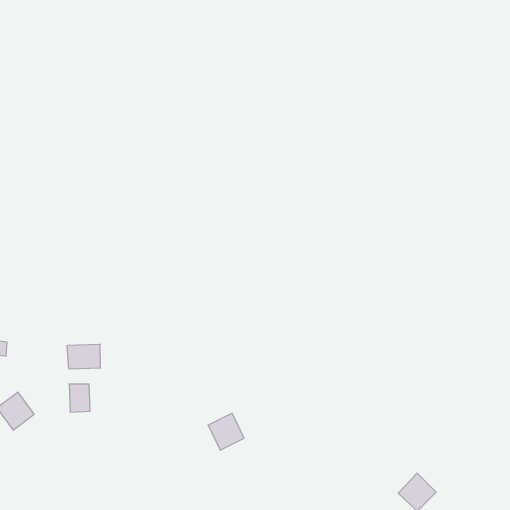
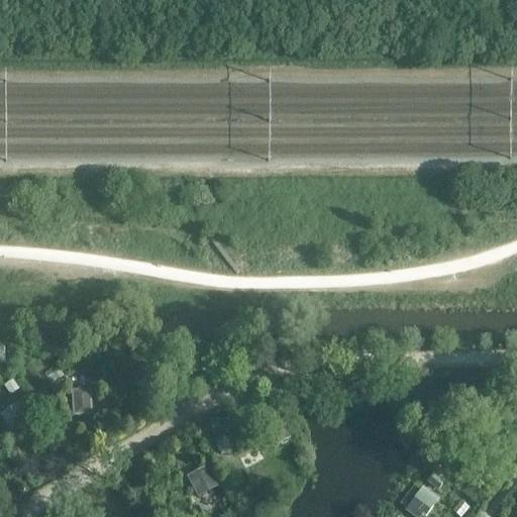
building: [67,344,100,369] -> none
building: none -> [182,466,218,503]

